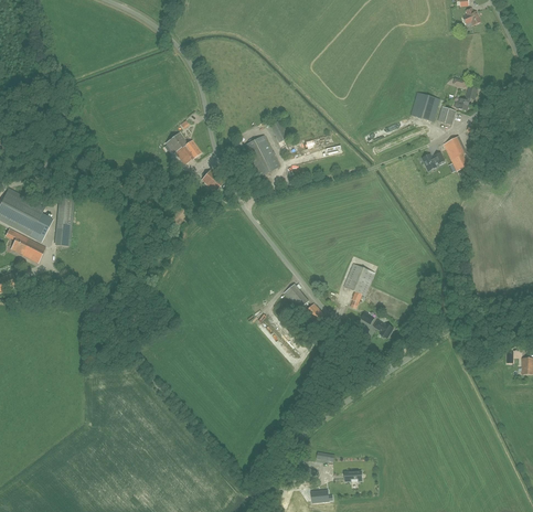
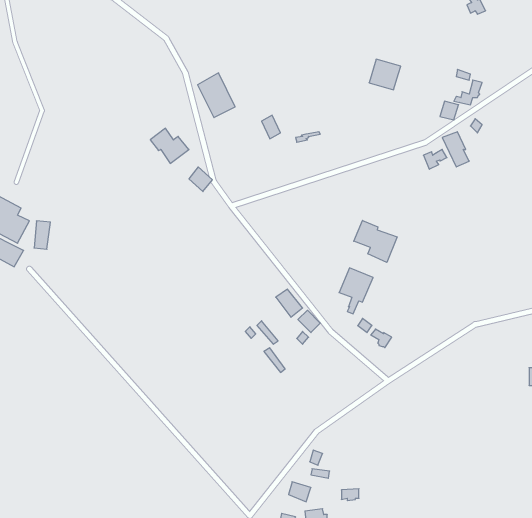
building: [411,93,440,121] -> [369,59,401,90]
building: [244,135,279,177] -> [198,73,235,118]
building: none -> [354,220,397,262]

